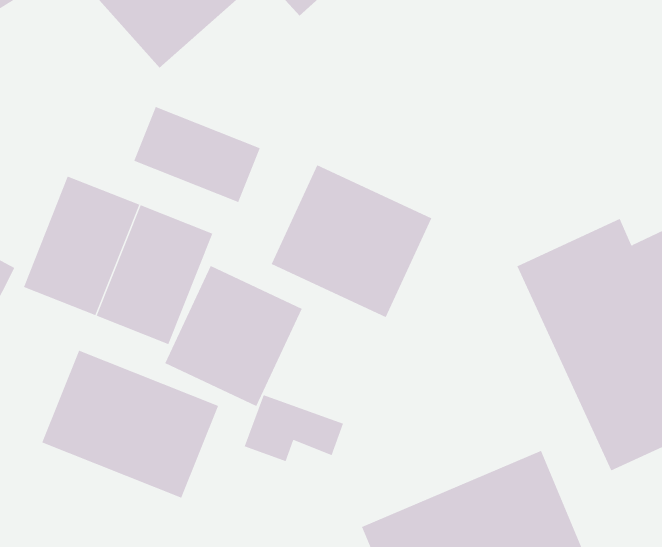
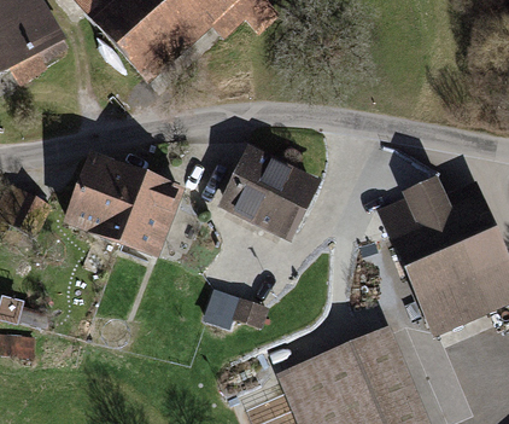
building: [133,106,260,203] -> none
building: [164,265,303,407] -> none
building: [41,350,219,498] -> none

